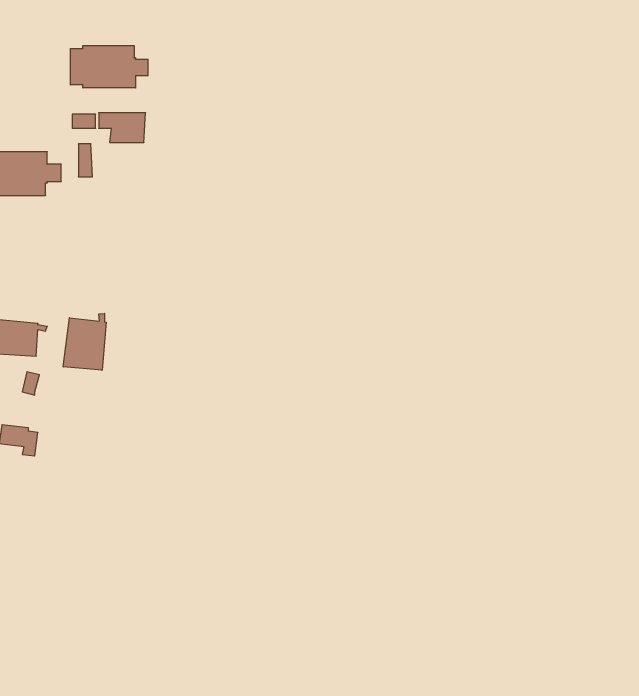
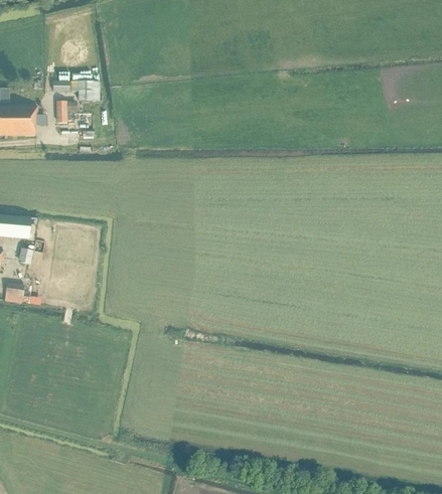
building: [70,46,148,88] -> none
building: [63,313,106,370] -> none

